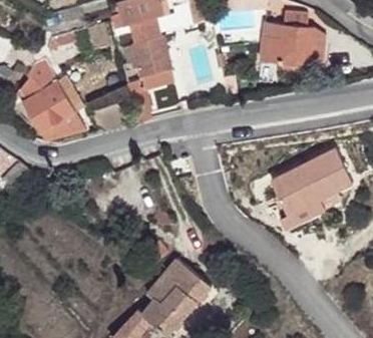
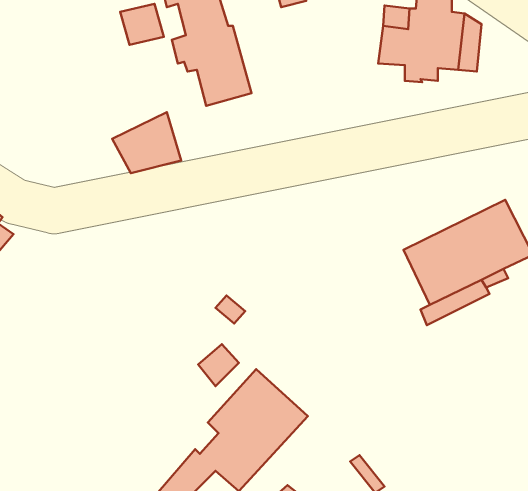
building: [22,56,84,138] -> none

